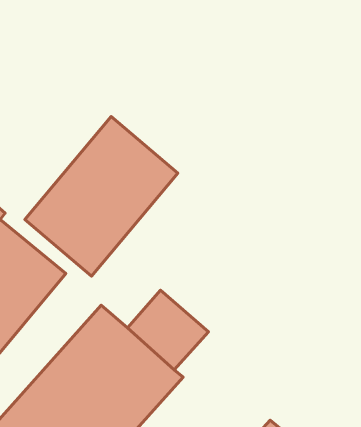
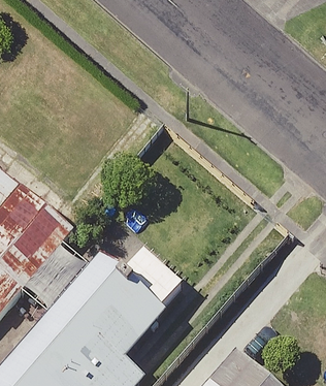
building: [25,116,178,276] -> none

